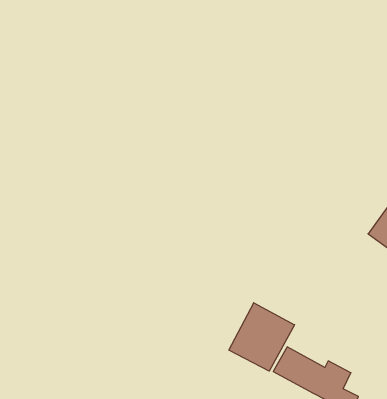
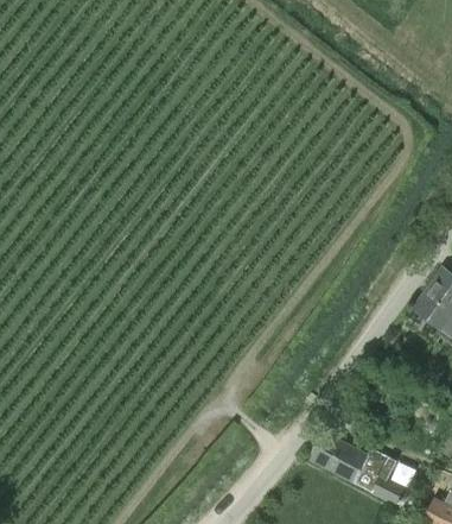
building: [229,303,295,371] -> none

